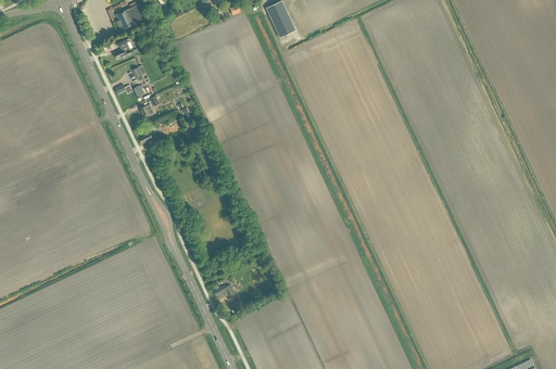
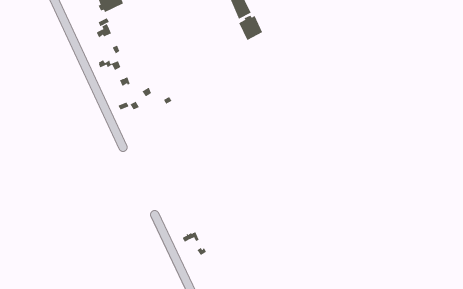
building: none -> [239,15,263,41]

